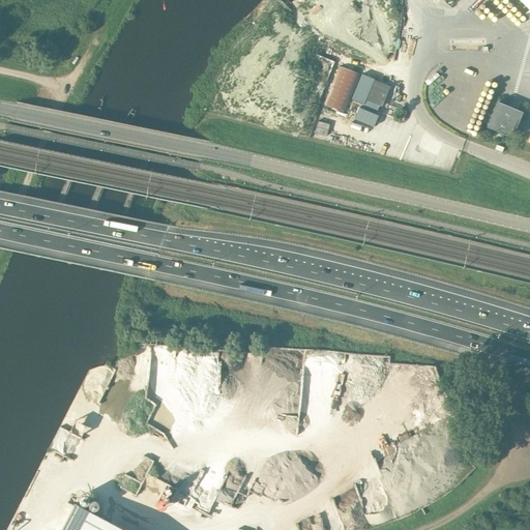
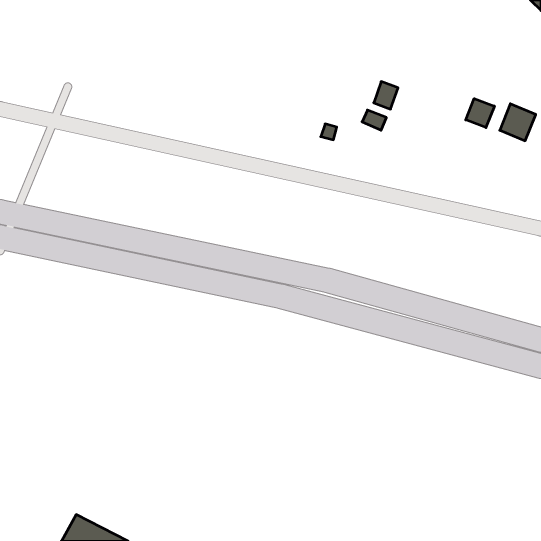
building: [323,66,360,113] -> none
building: none -> [466,99,494,128]

